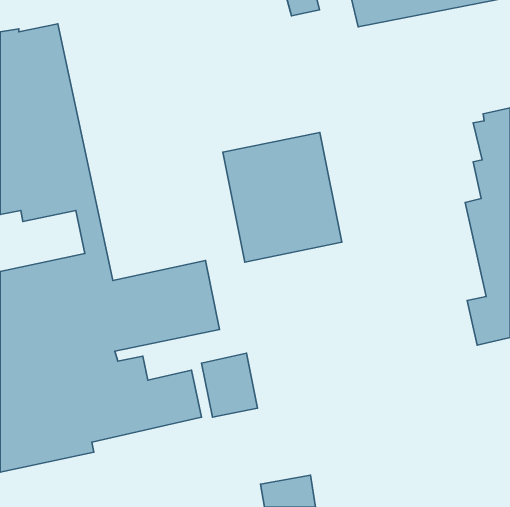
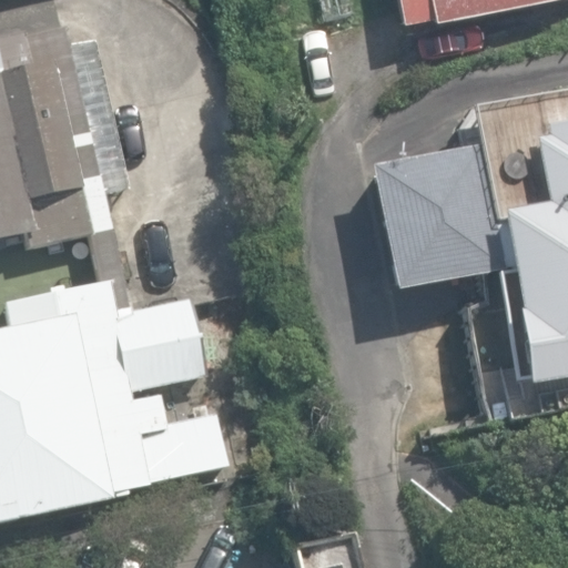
building: [223,132,342,262] -> [368,148,500,292]

